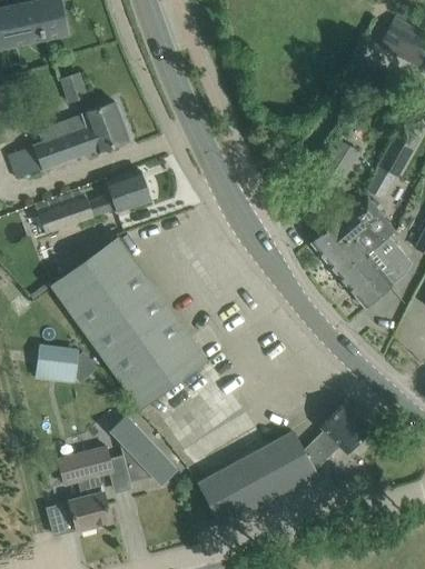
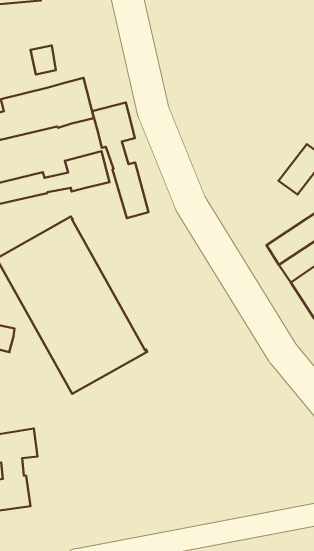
building: none -> [92,102,148,218]
building: [198,401,372,525] -> none
building: [111,417,175,482] -> none

